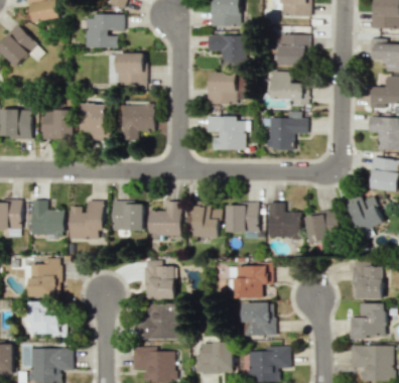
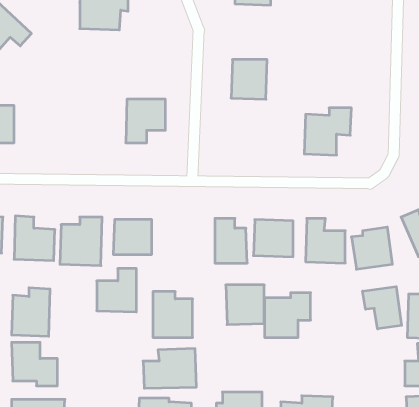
building: [207,35,244,68] -> none
building: [273,35,307,66] -> none
building: [107,53,145,85] -> none
building: [270,72,307,105] -> none
building: [80,104,107,141] -> none
building: [41,110,74,139] -> none
building: [206,116,248,150] -> none
building: [147,202,179,237] -> [97,269,136,312]
building: none -> [363,287,402,329]
building: [242,303,273,336] -> [226,285,264,325]

